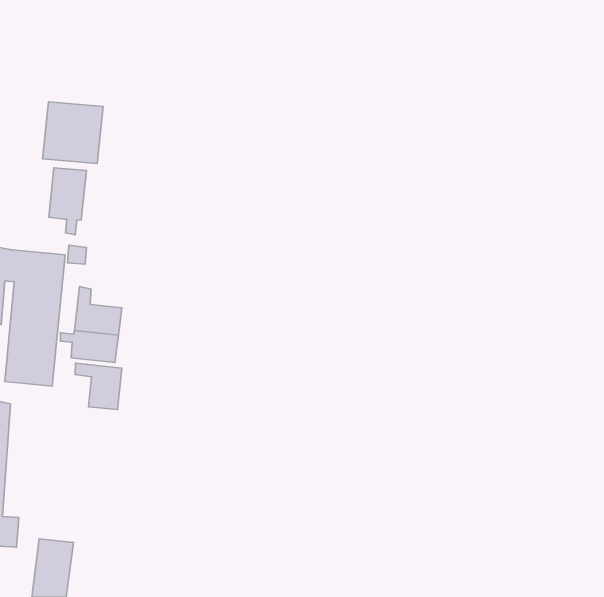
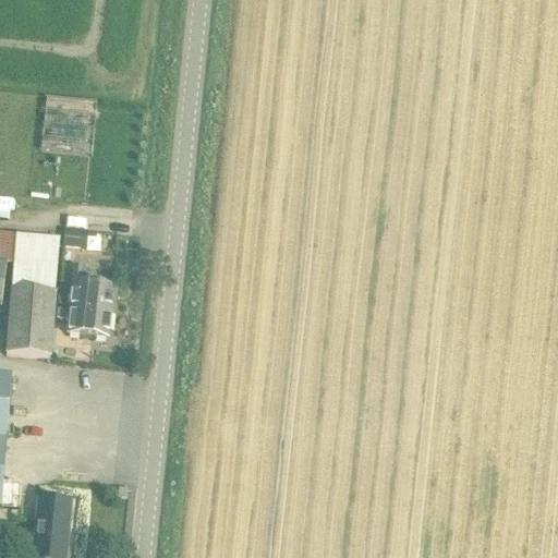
building: [49,168,86,235] -> none
building: [75,363,122,410] -> none

